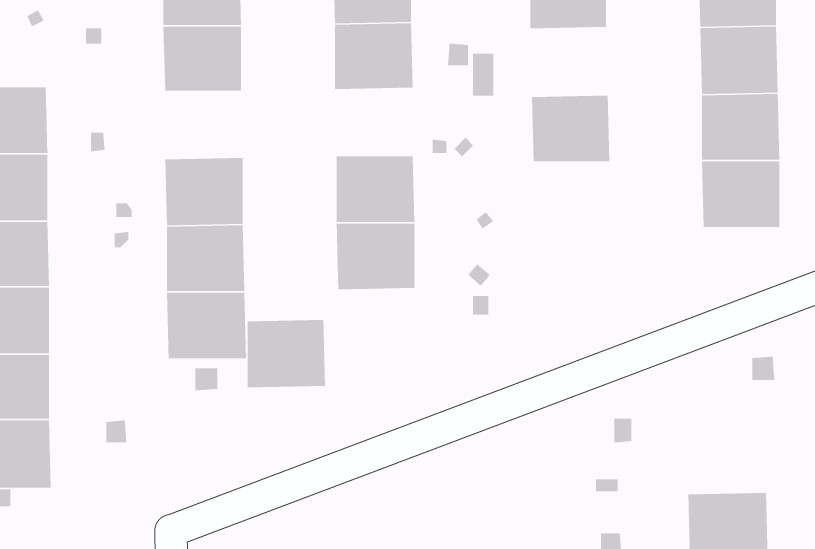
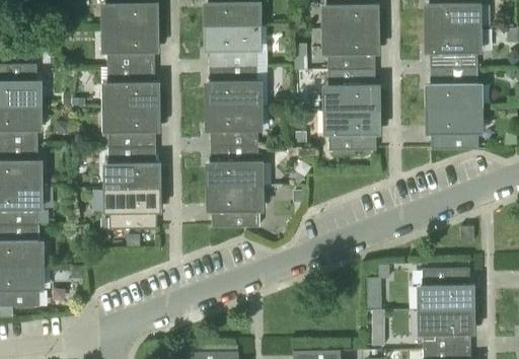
building: none -> [327,27,375,69]
building: none -> [210,64,257,104]
building: none -> [107,66,155,106]
building: none -> [329,109,376,149]
building: [247,319,326,388] -> [212,185,260,226]
building: none -> [423,267,470,308]

